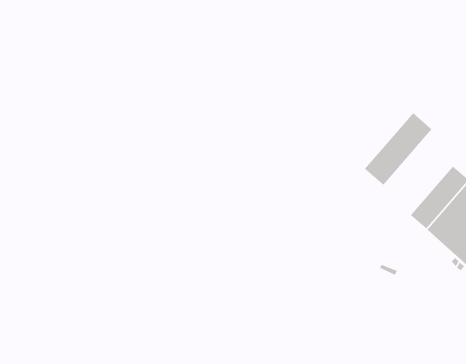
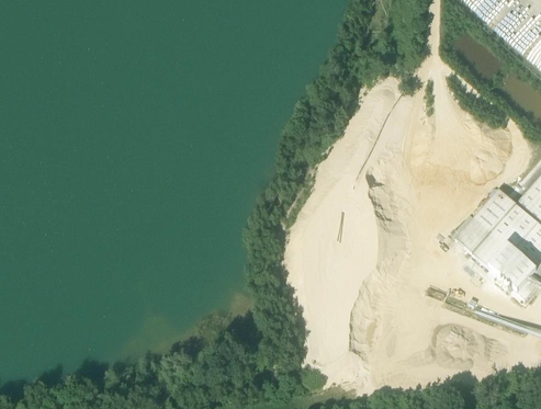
building: [364,112,433,186] -> none

